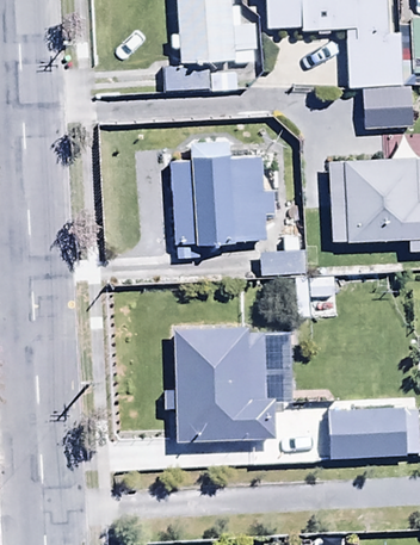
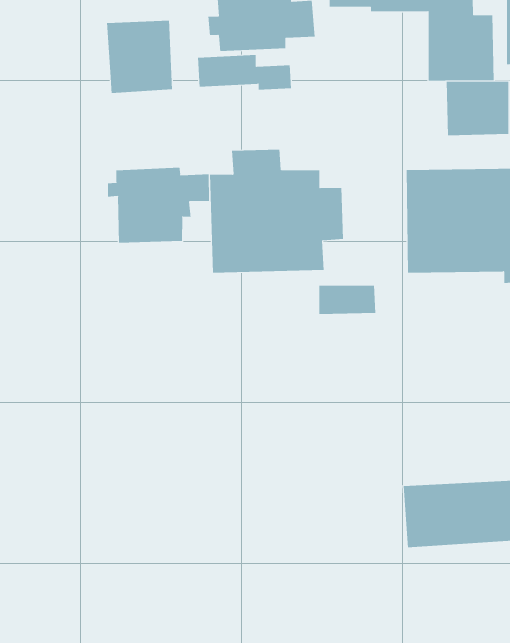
building: none -> [106,20,172,94]
building: none -> [107,167,209,243]
building: [173,326,295,445] -> none

